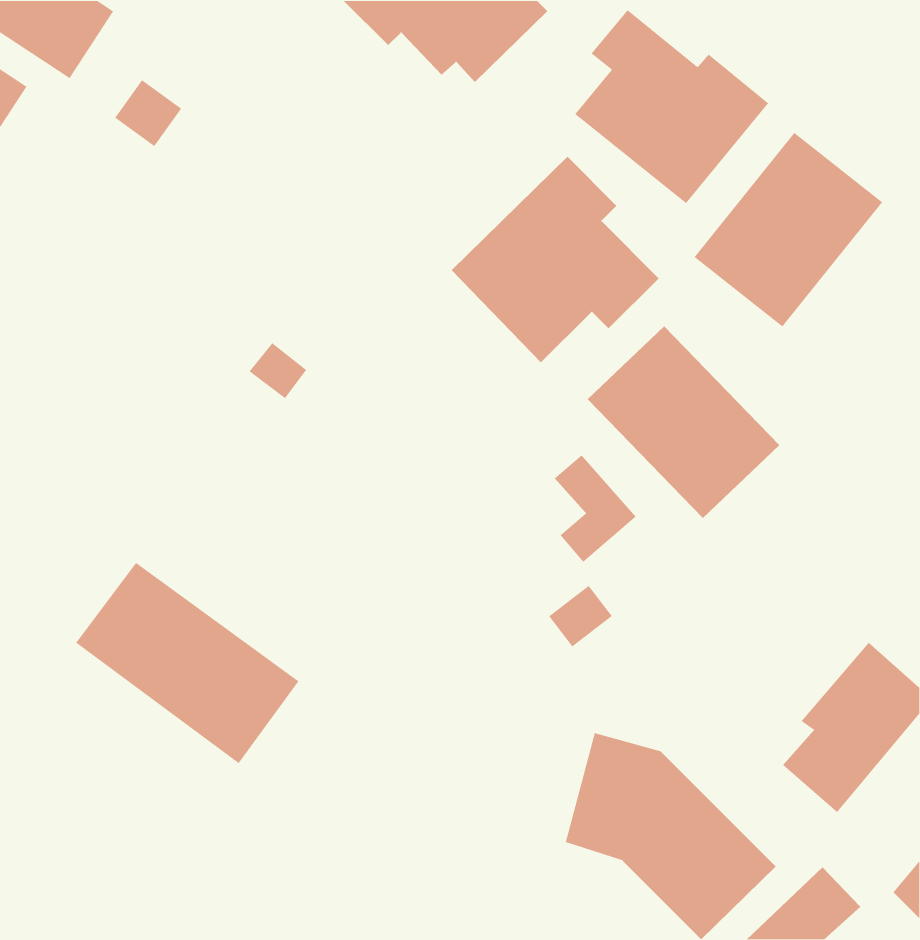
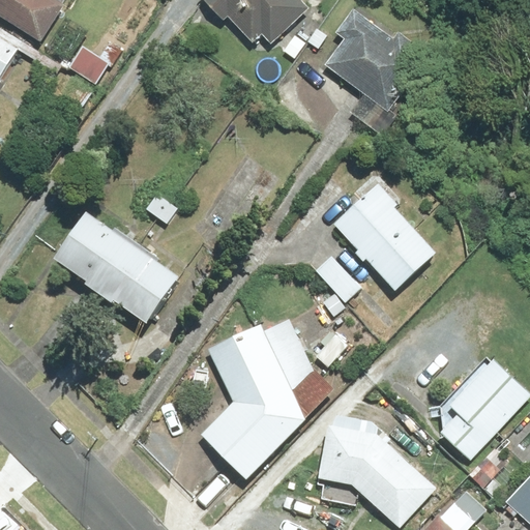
building: [693,132,883,327] -> none
building: [451,156,659,363] -> none
building: none -> [200,316,317,478]
building: [75,562,300,764] -> [57,209,183,323]

